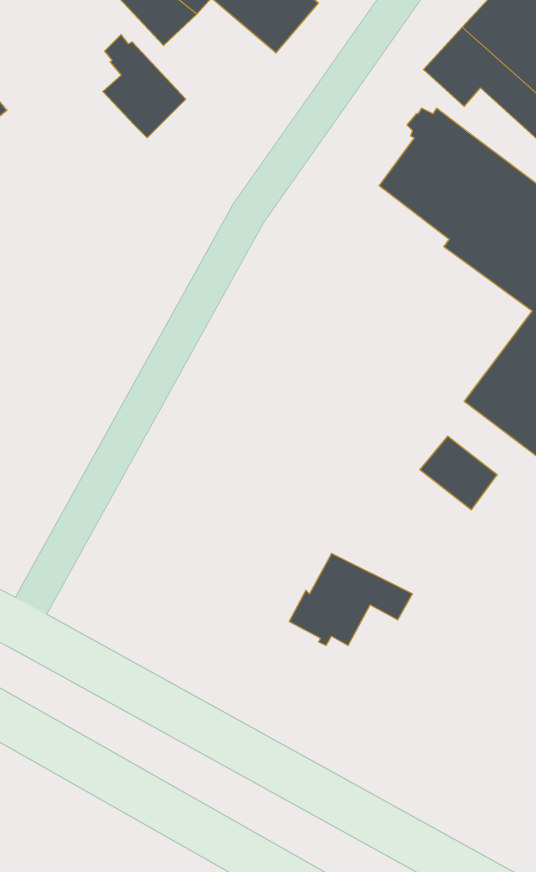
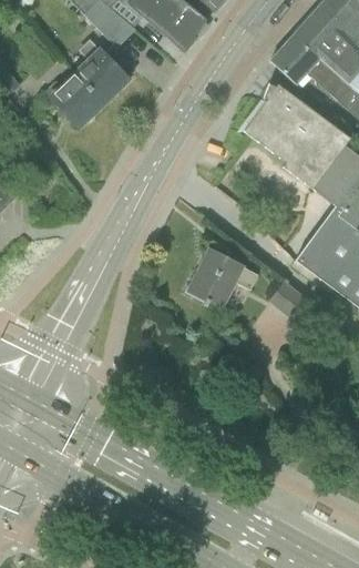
building: none -> [45,73,104,125]
building: [289,553,413,646] -> [185,250,259,305]

